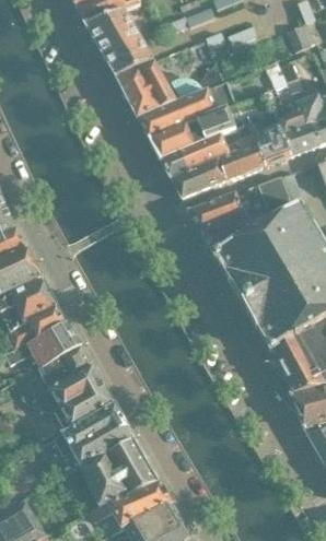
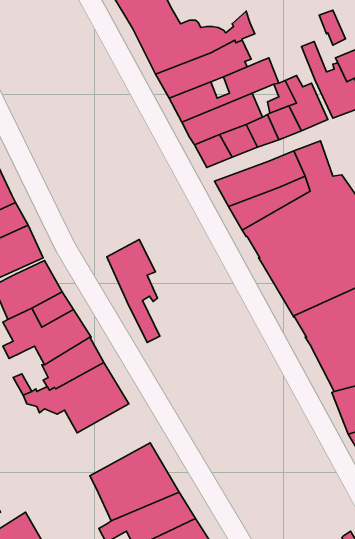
building: none -> [107,240,160,343]
building: [55,404,133,467] -> none

